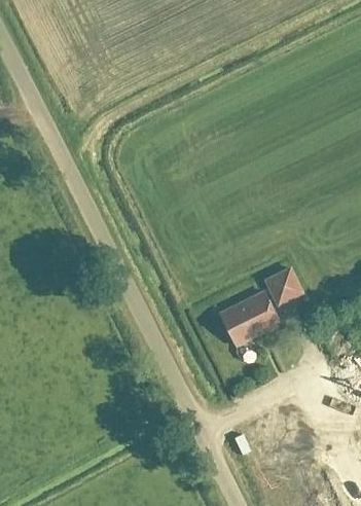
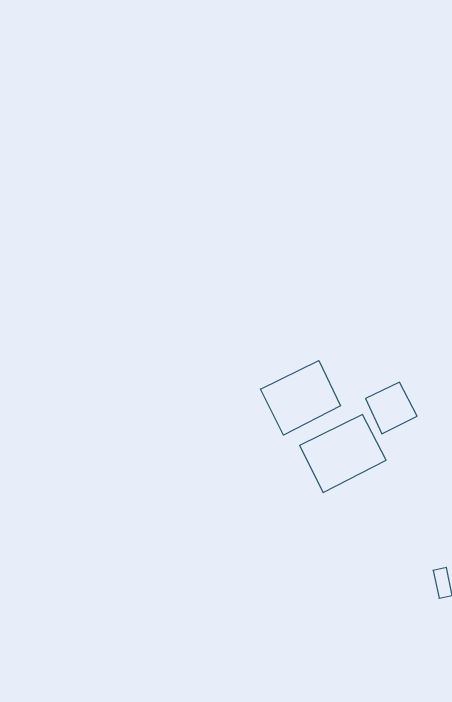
building: none -> [260,361,341,435]

